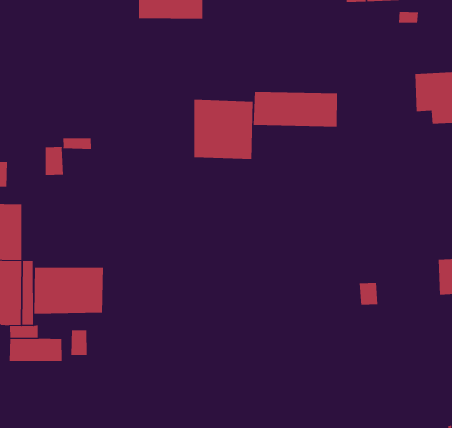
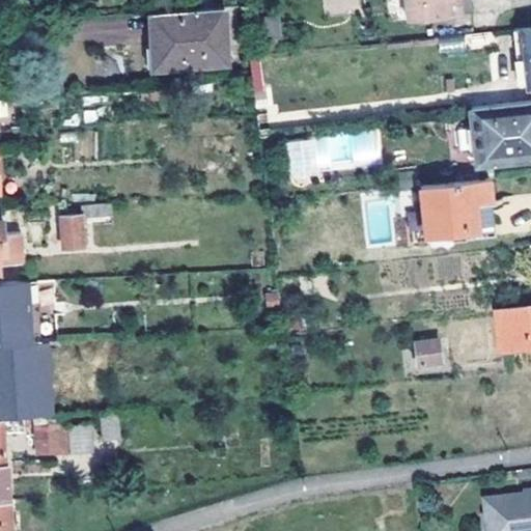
building: [194,99,253,160] -> none
building: none -> [420,178,495,245]
building: [34,267,103,314] -> none

